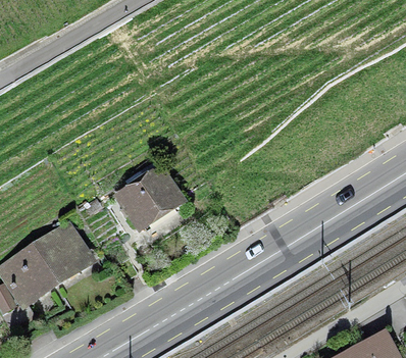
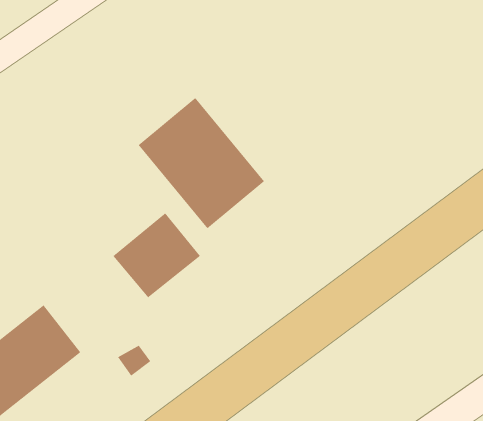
building: none -> [138,97,265,229]

